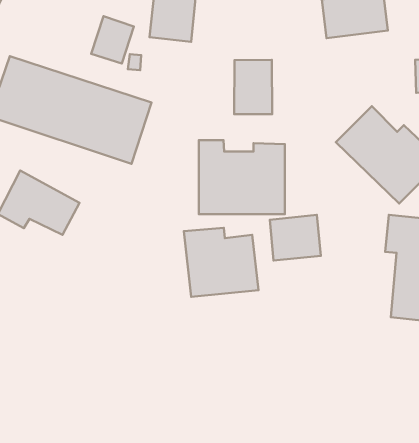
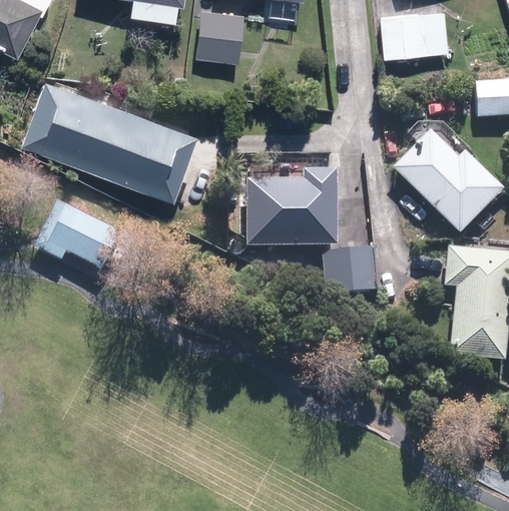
building: [91,16,134,64] -> none
building: [234,60,272,114] -> none
building: [184,228,258,297] -> none

